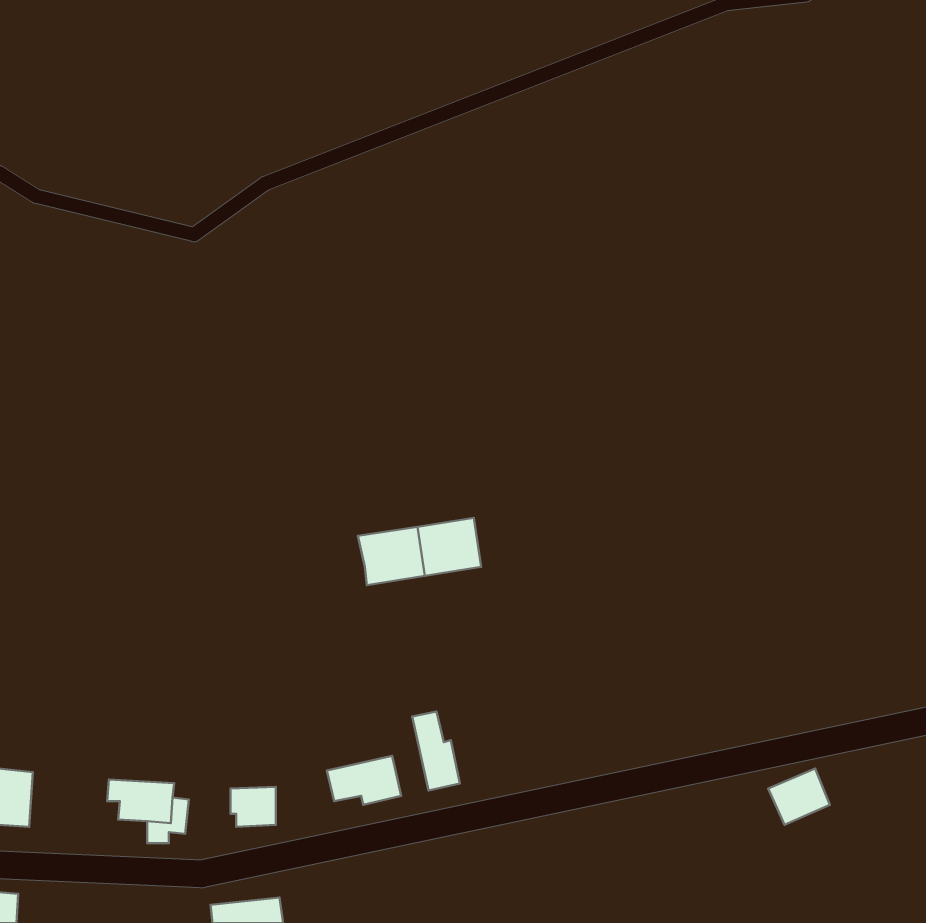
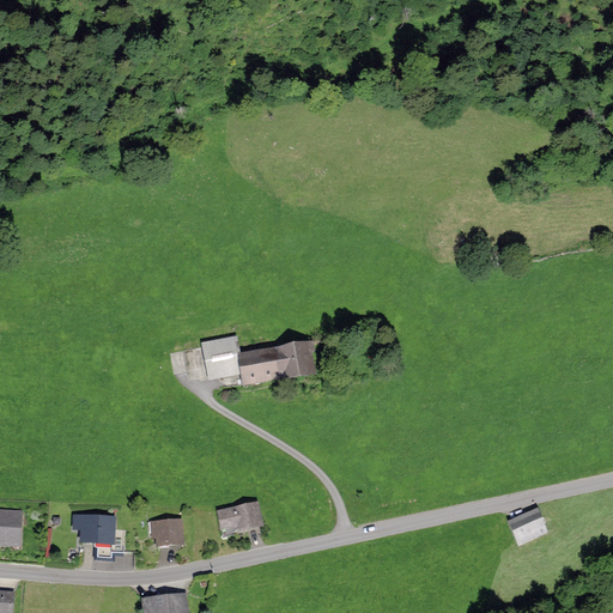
building: none -> [200,334,241,380]
building: [412,712,460,790] -> none

